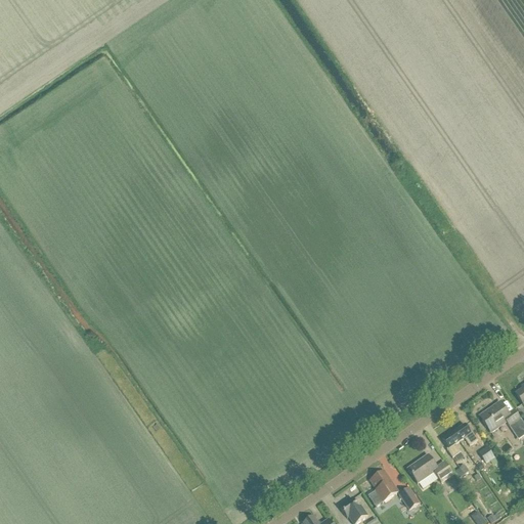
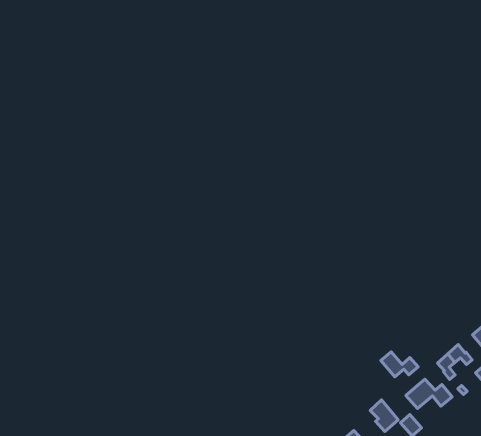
building: none -> [381,352,418,377]

